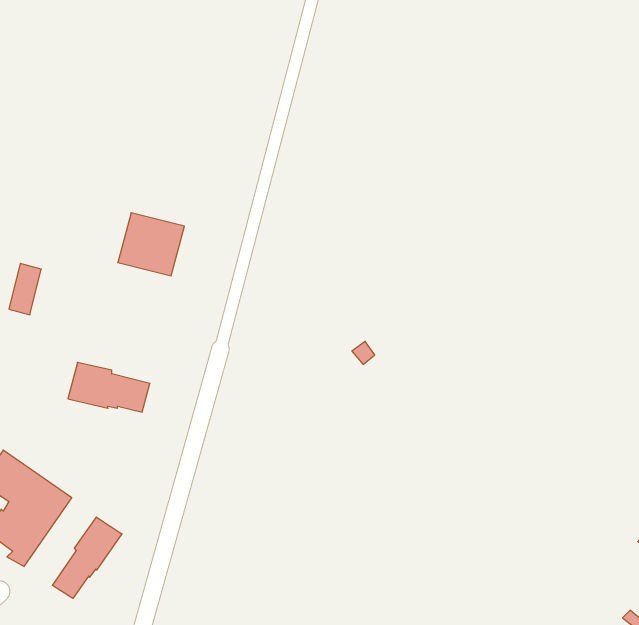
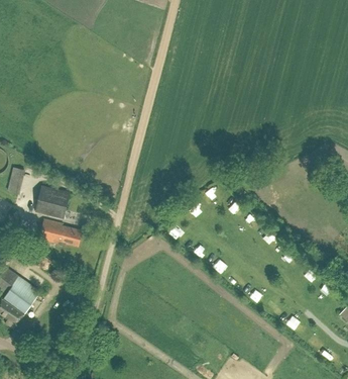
building: [118,213,184,276] -> [35,185,71,218]
building: [53,517,122,598] -> none

